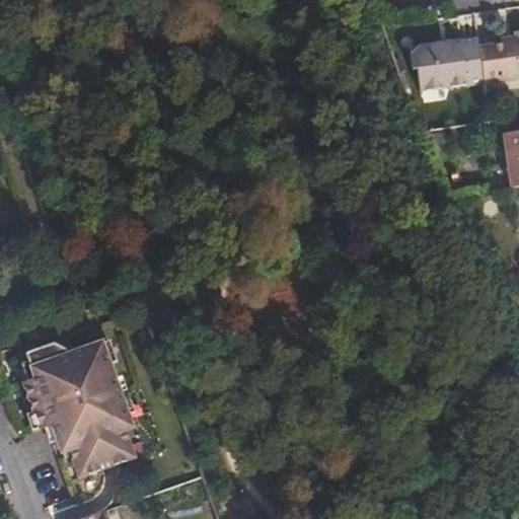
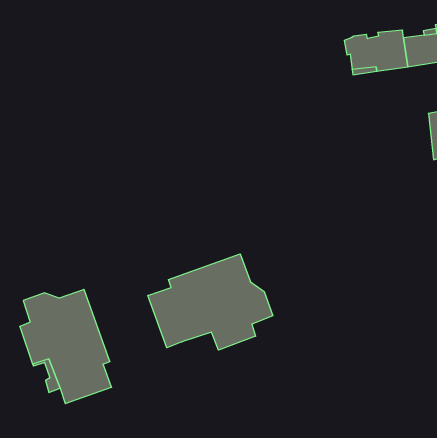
building: none -> [148,254,273,350]

